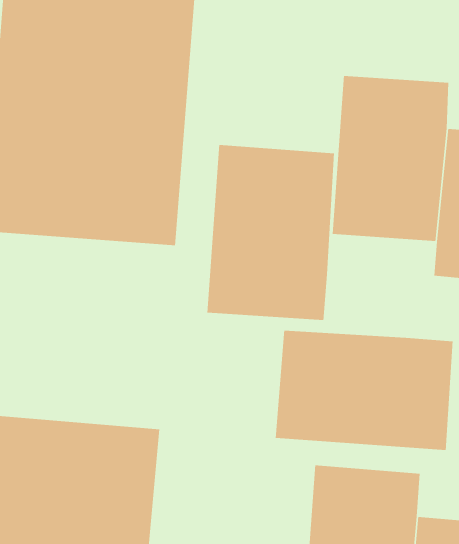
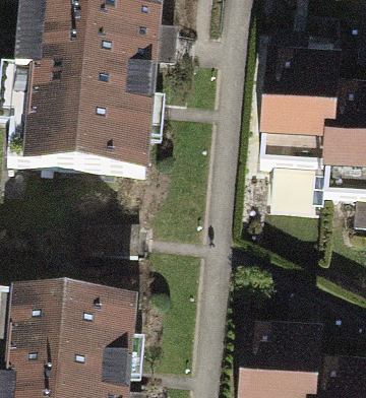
building: [207,144,334,321] -> none
building: [275,330,453,451] -> none

